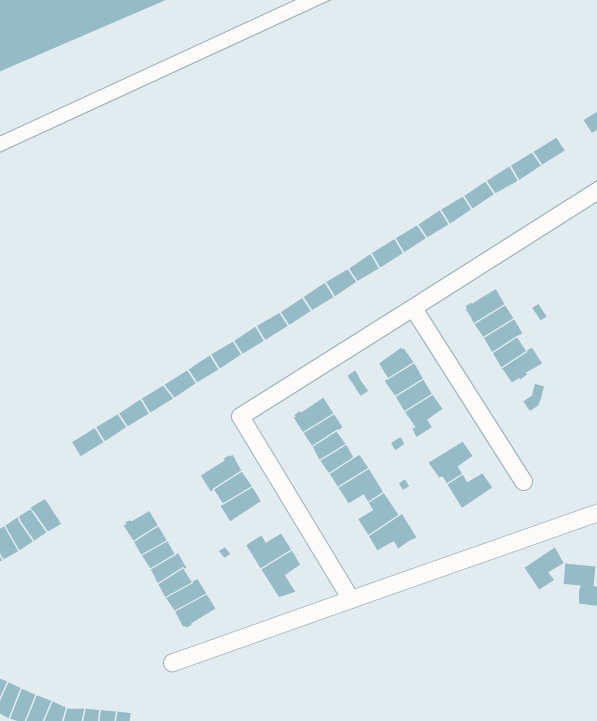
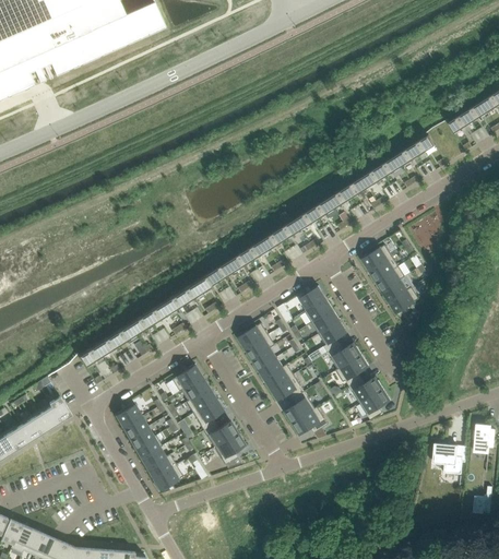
building: none -> [326,342,360,368]
building: none -> [192,397,223,429]
building: [524,547,564,590] -> [359,388,389,419]

